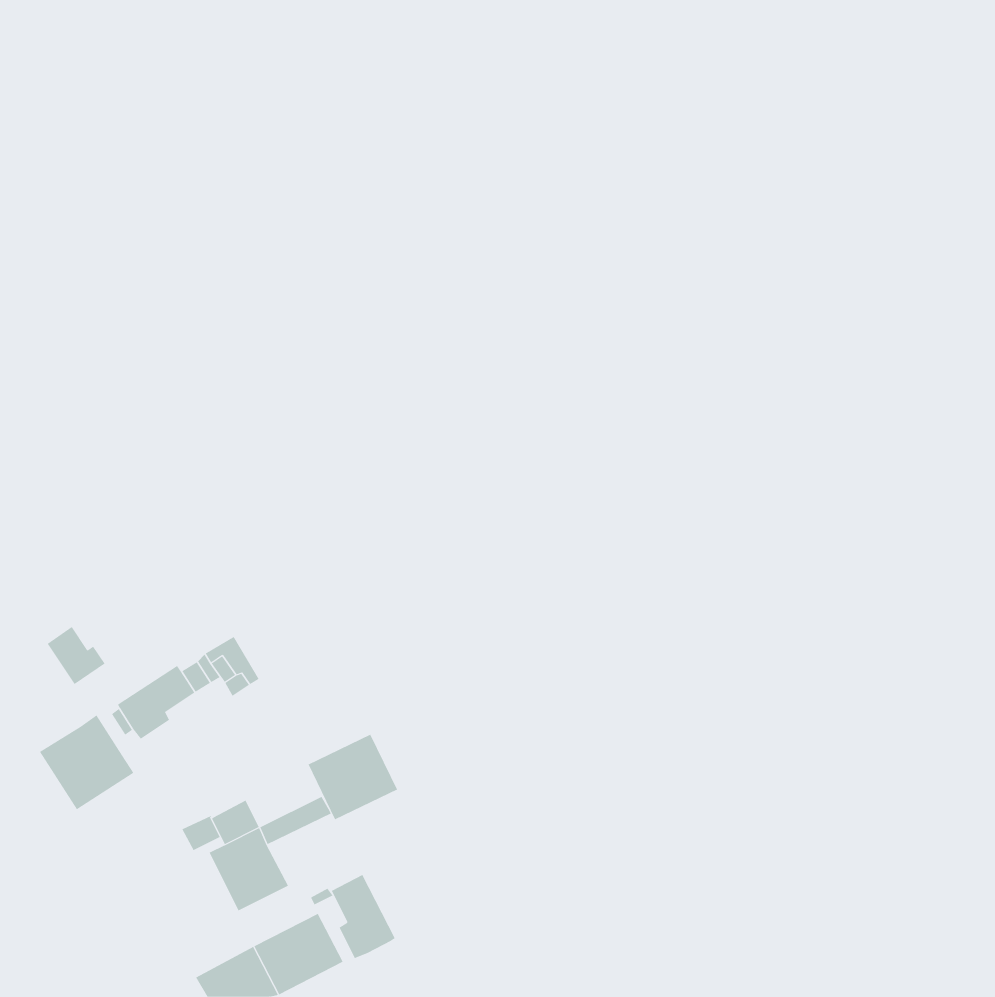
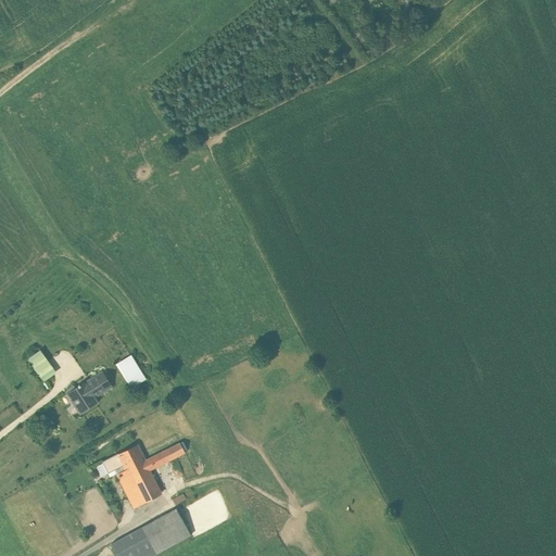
building: [39,715,134,810] -> none
building: [308,734,398,820] -> none
building: [331,874,395,959] -> none

